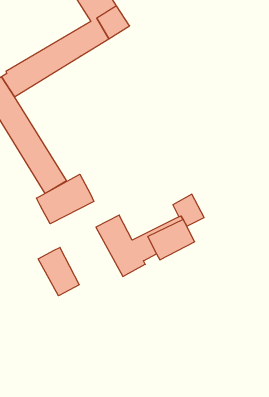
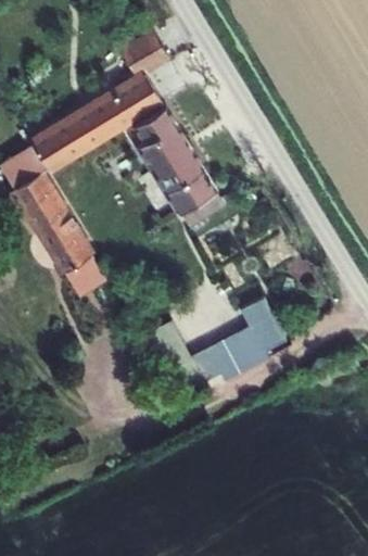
building: none -> [125,106,225,231]
building: [36,174,94,224] -> none
building: [38,247,79,296] -> none

